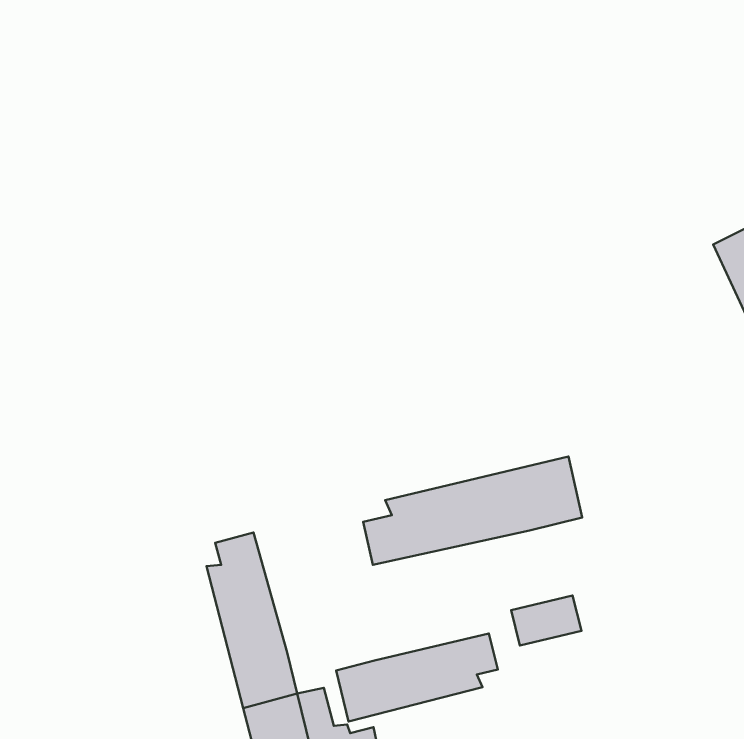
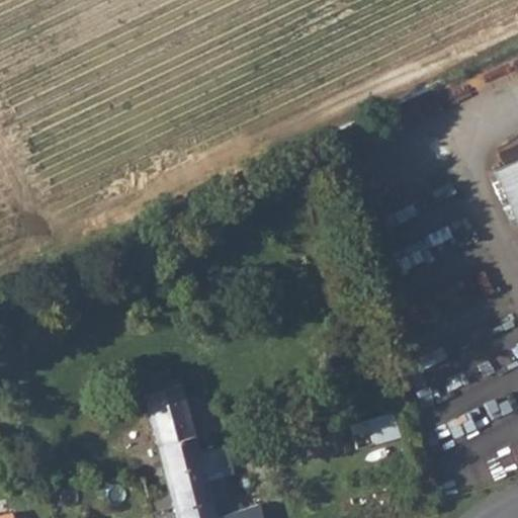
building: [363,457,582,565] -> none
building: [336,633,498,722] -> none

